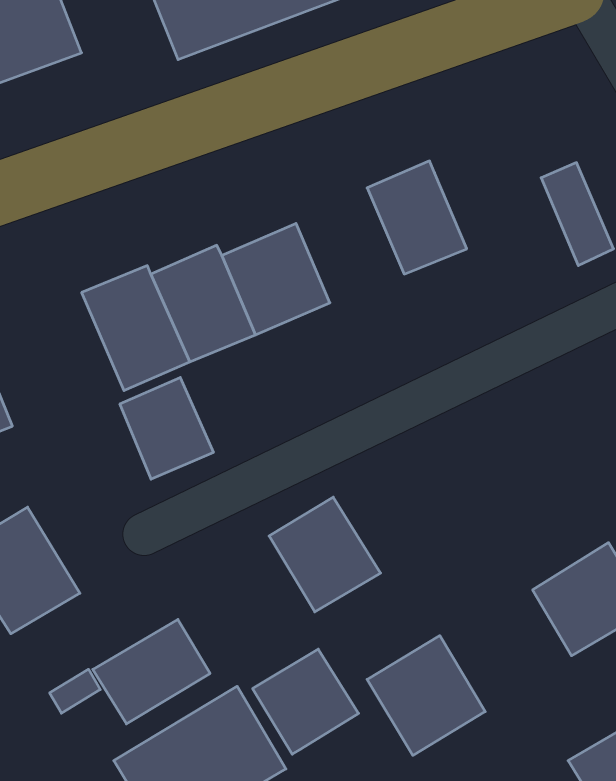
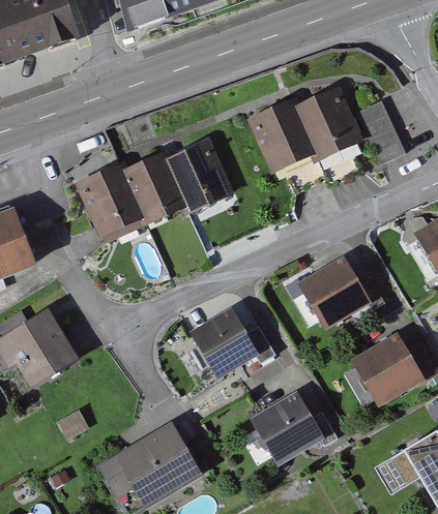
building: none -> [294,90,356,154]
building: [120,377,213,479] -> none
building: none -> [299,255,370,326]
building: [93,619,210,724] -> none
building: [253,649,359,754] -> none

